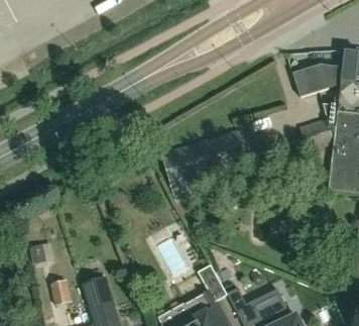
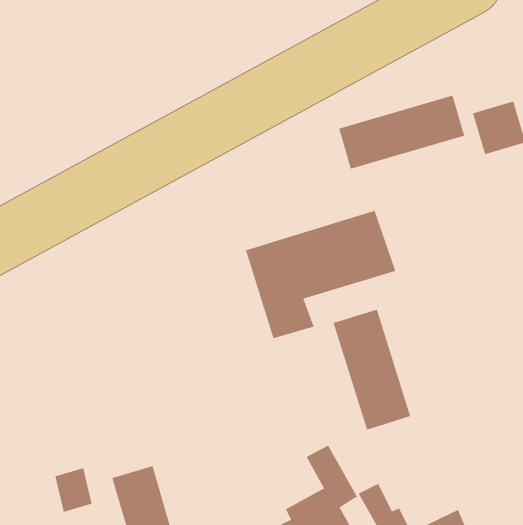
building: none -> [338,95,465,170]
building: none -> [333,309,411,430]

